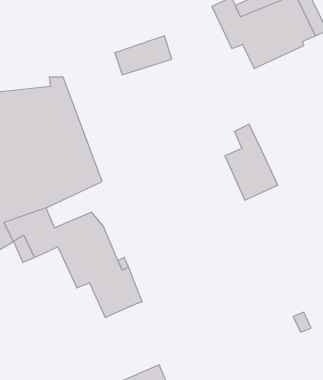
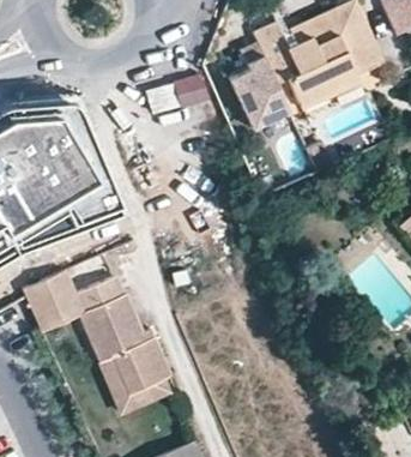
building: [225,124,278,200] -> [229,41,289,127]
building: none -> [98,345,170,405]

